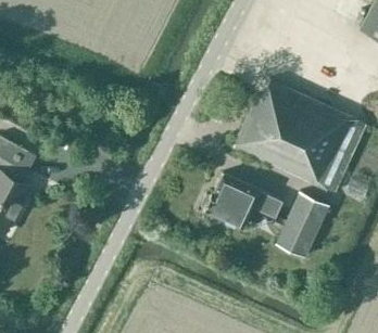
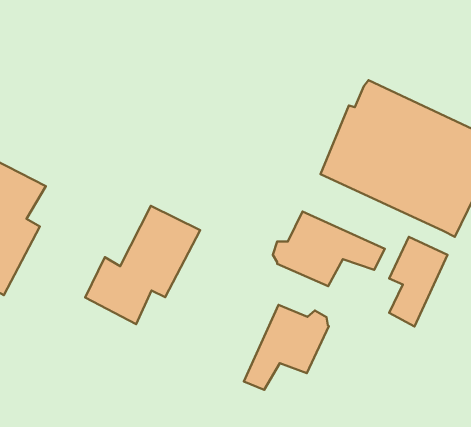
building: none -> [85,206,200,324]
building: none -> [244,305,329,390]

